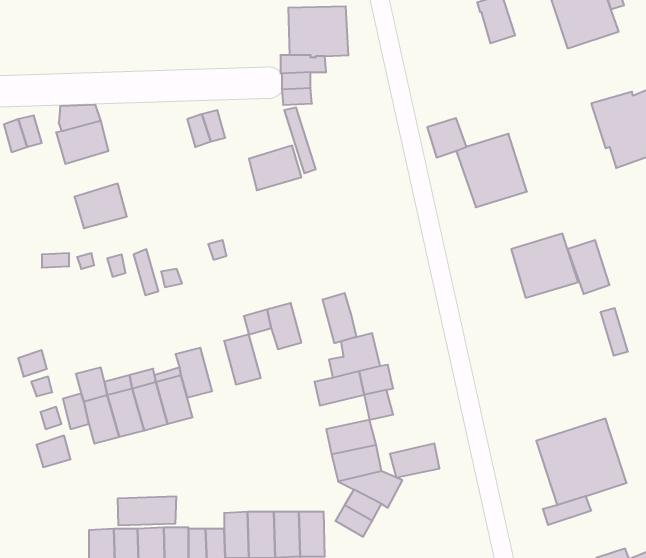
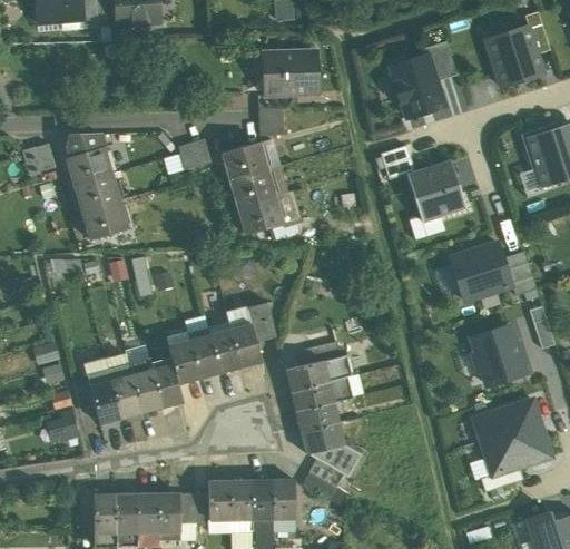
building: none -> [392,56,443,116]
building: none -> [223,143,267,180]
building: none -> [75,174,119,213]
building: none -> [237,196,283,235]
building: [322,293,357,343] -> [230,324,259,366]
building: none -> [470,324,522,386]
building: none -> [189,335,219,378]
building: [390,443,440,478] -> [291,381,333,410]
building: [118,496,176,525] -> none

